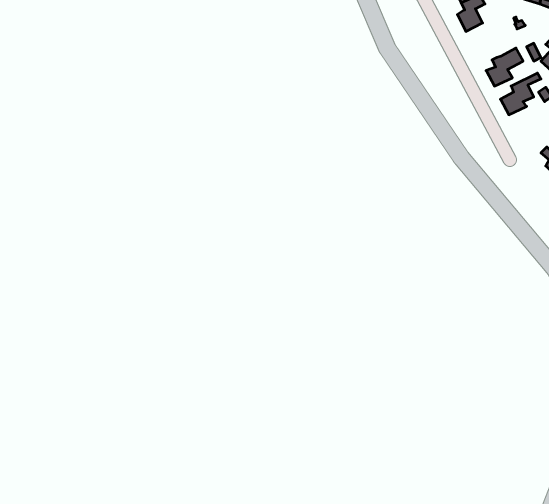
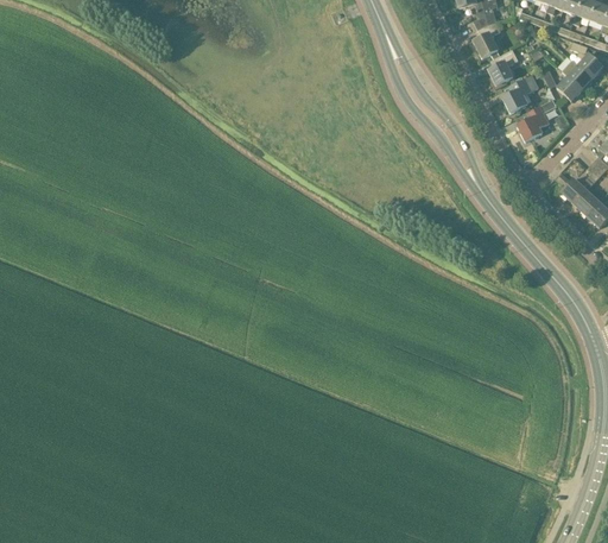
building: none -> [488,48,518,84]

